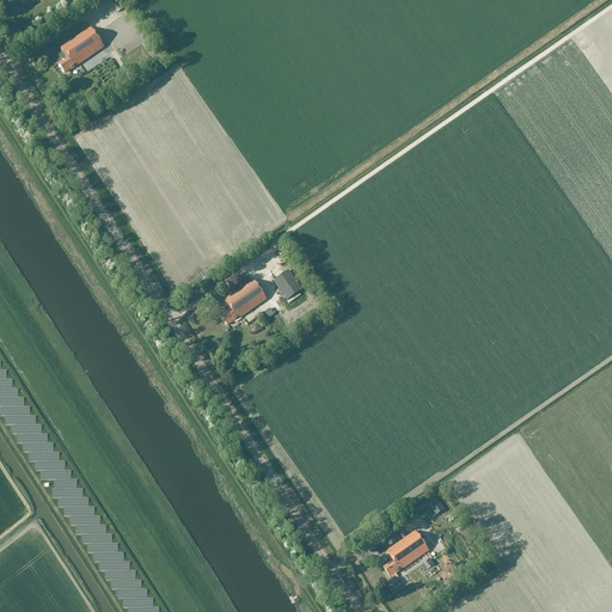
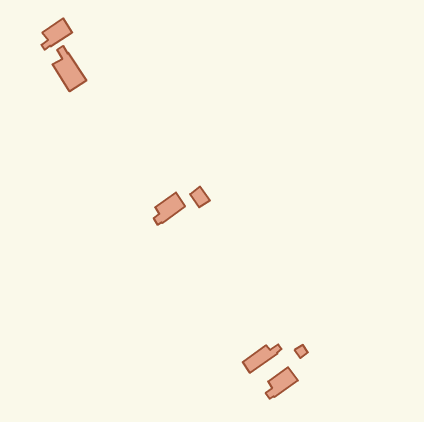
building: none -> [52,46,86,91]
building: none -> [243,344,282,373]

